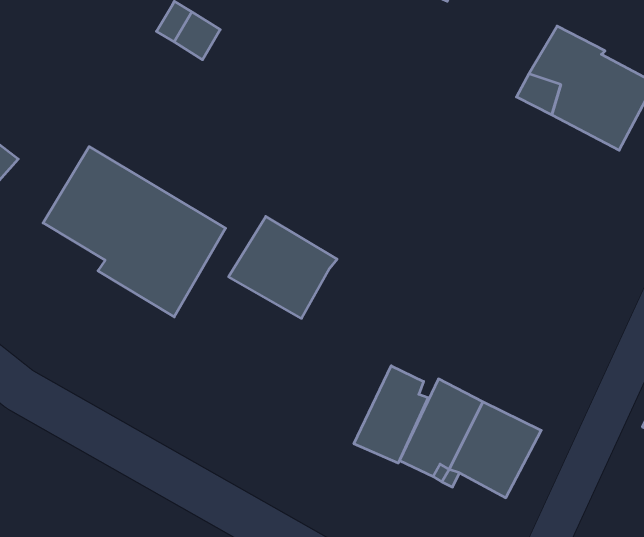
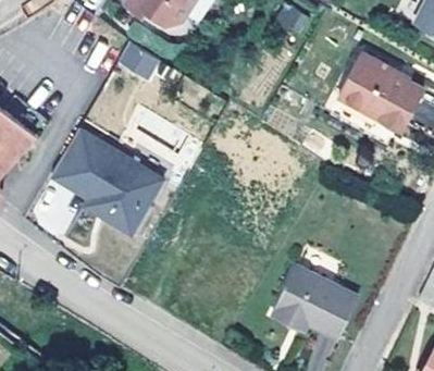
building: [229,216,337,318] -> none
building: [354,366,428,463] -> none

